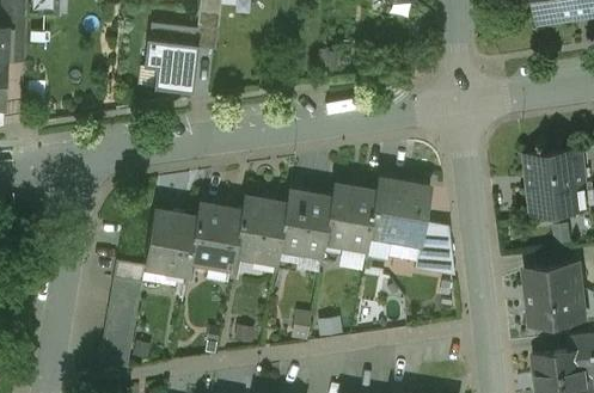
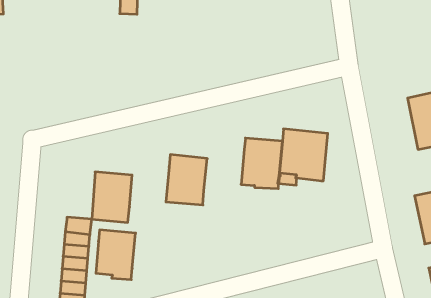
building: [141,36,196,90] -> none
building: [278,192,330,254] -> none
building: [190,205,240,266] -> [96,230,136,280]
building: [412,222,453,277] -> none

